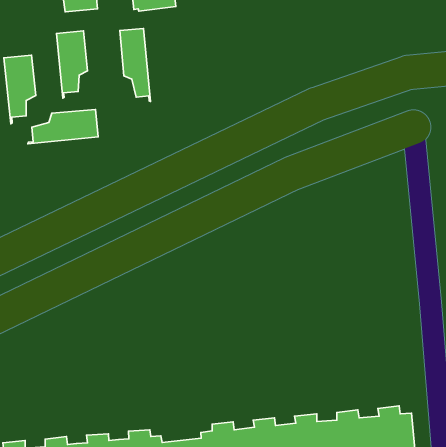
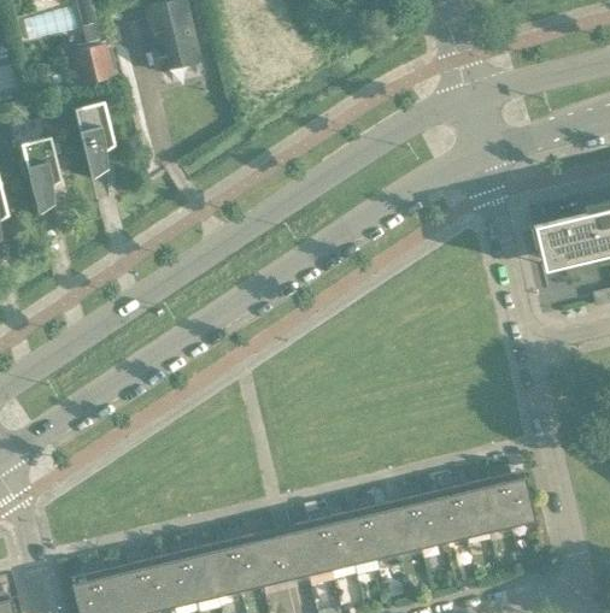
building: [120,29,151,102] -> none
building: [28,109,98,144] -> none

